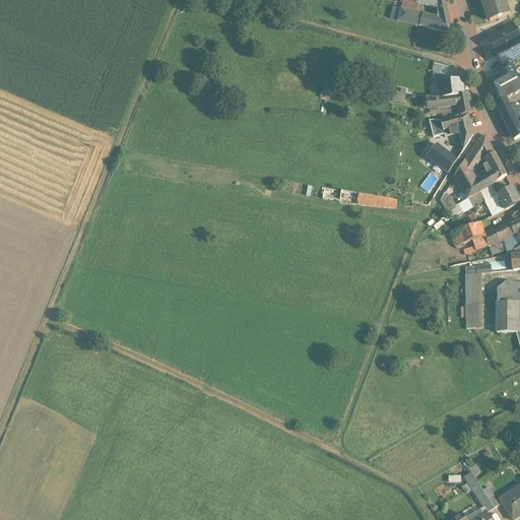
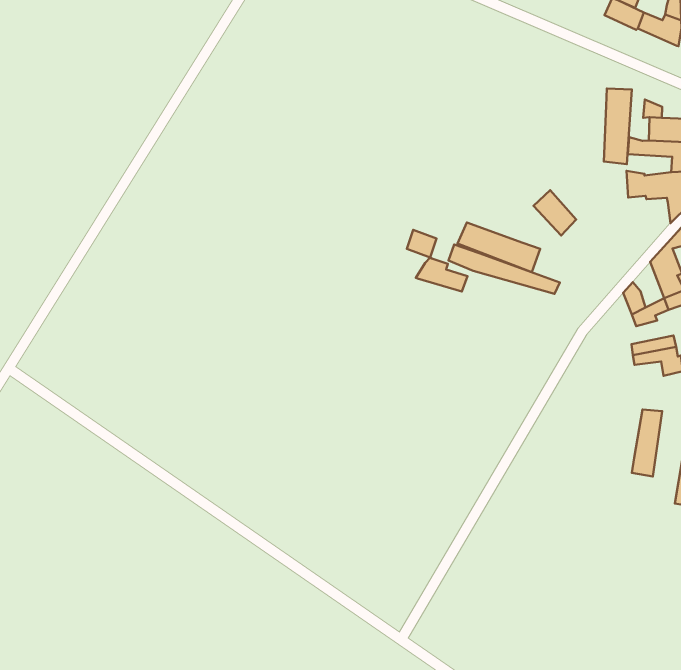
building: none -> [604,89,632,164]
building: [427,142,456,171] -> [534,190,576,235]
building: none -> [457,223,540,272]
building: none -> [416,258,467,292]

